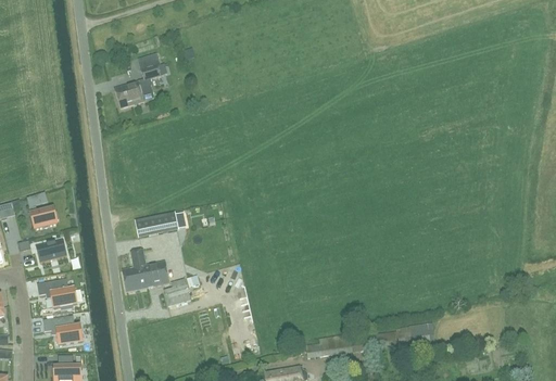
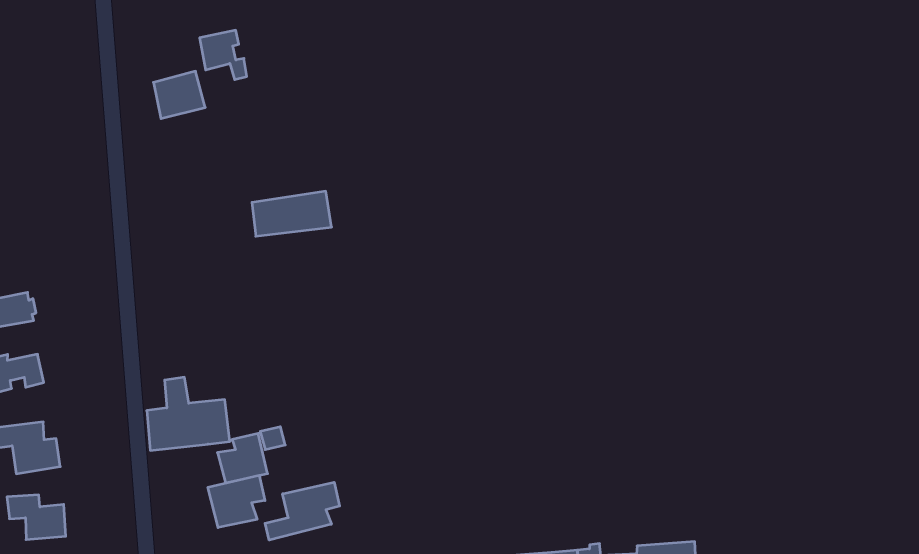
building: [135,209,179,237] -> [252,191,332,236]
building: none -> [208,475,265,528]
building: none -> [265,482,340,540]

